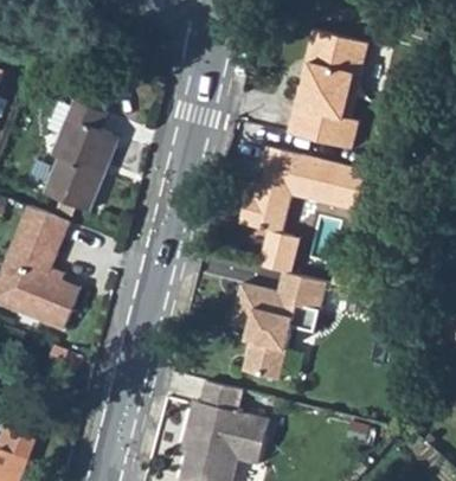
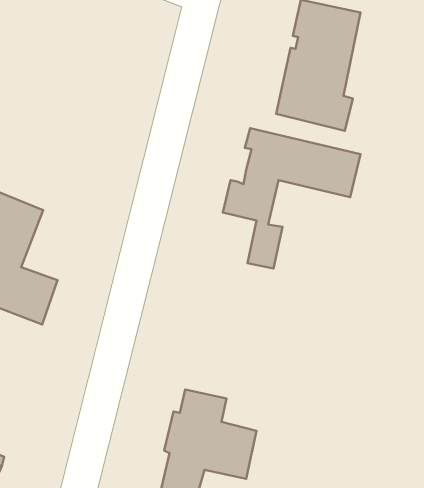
building: [51,82,123,209] -> none
building: [230,276,323,384] -> none

